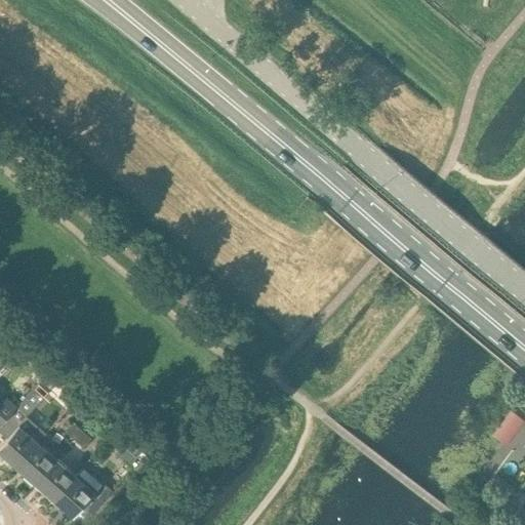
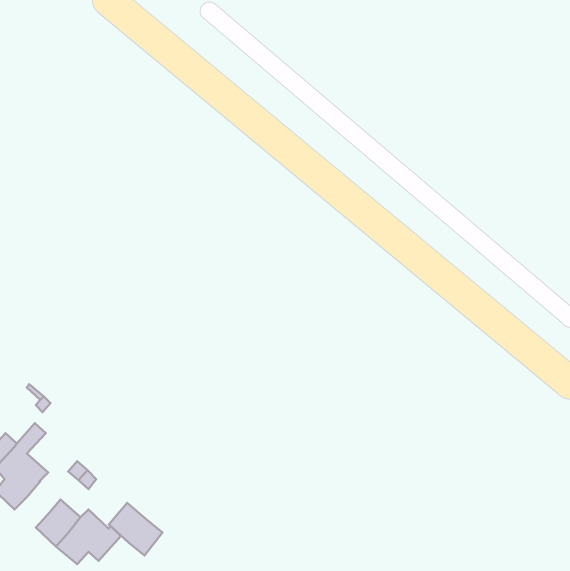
building: [13,442,55,484] -> none
building: none -> [109,503,162,556]

